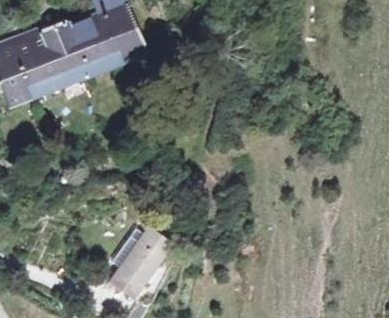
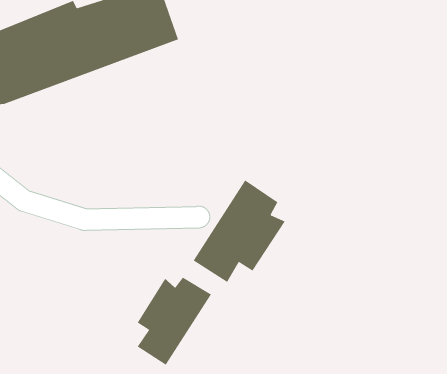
building: none -> [193,180,285,283]

